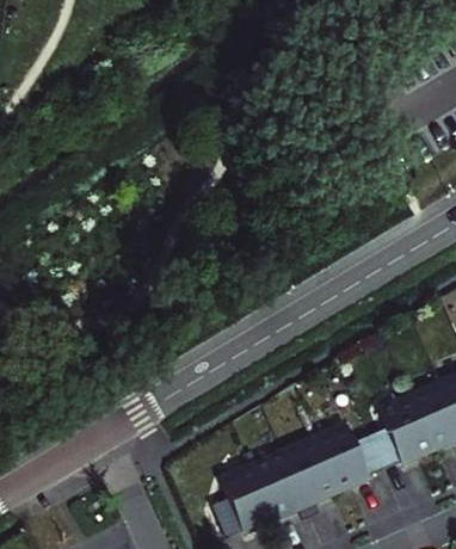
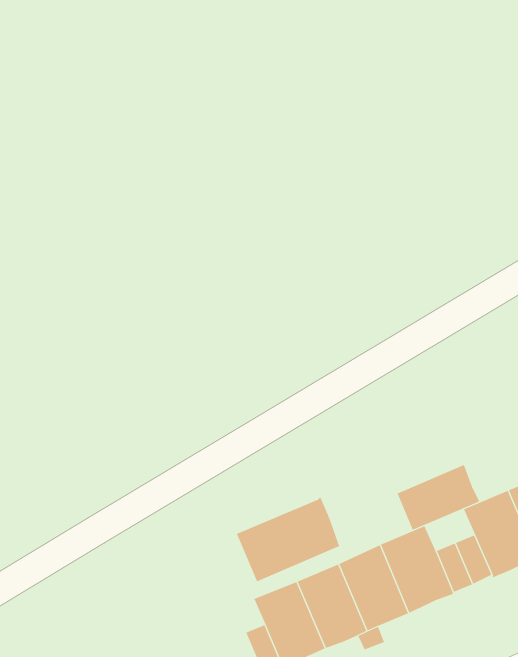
building: none -> [397,464,480,530]
building: none -> [236,497,340,582]

